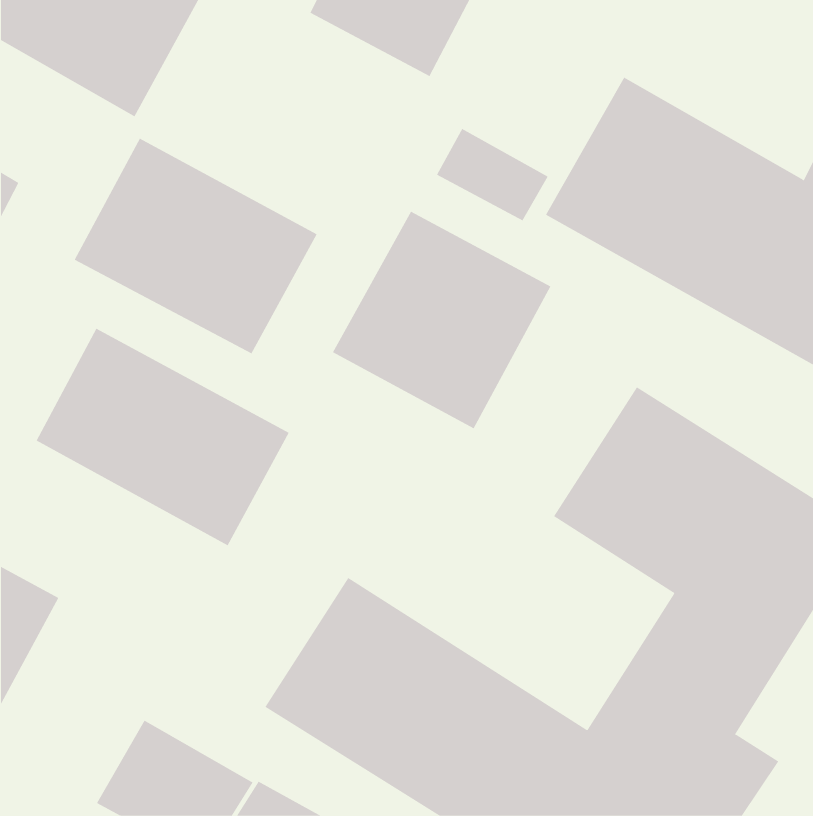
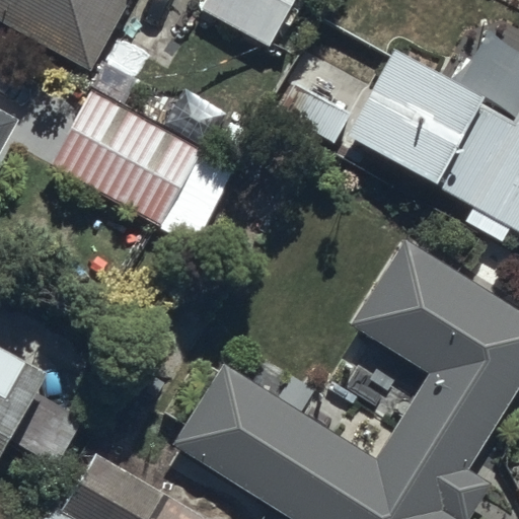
building: [332,211,551,429] -> none
building: [36,328,290,546] -> none

